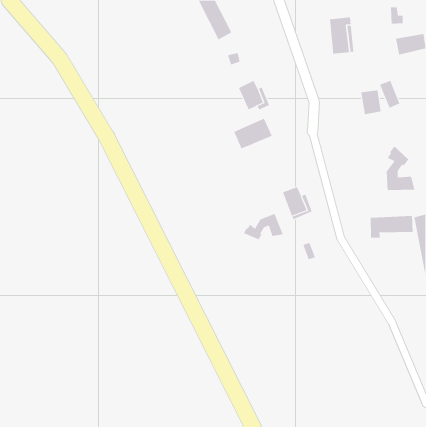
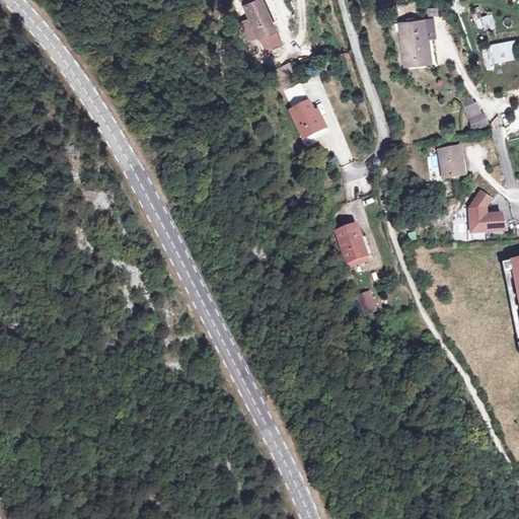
building: [361,90,382,115] -> [439,147,464,177]
building: [233,118,272,149] -> none
building: [243,213,284,240] -> none
building: [370,215,413,239] -> none

